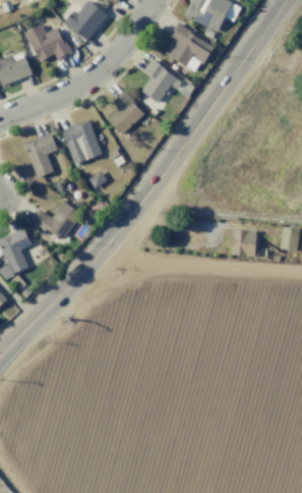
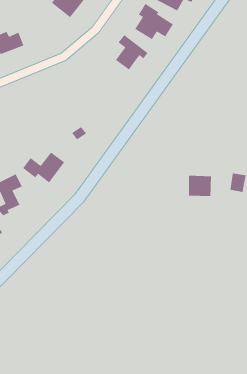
building: [24,23,73,62] -> none
building: [108,90,143,135] -> none
building: [61,119,103,165] -> none
building: [23,133,57,179] -> none

